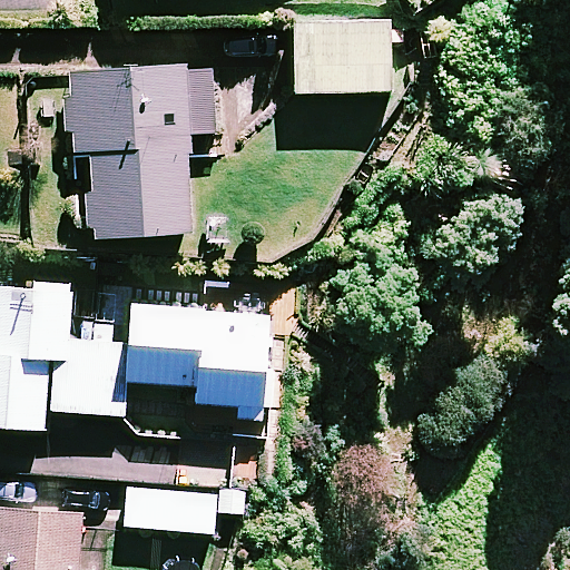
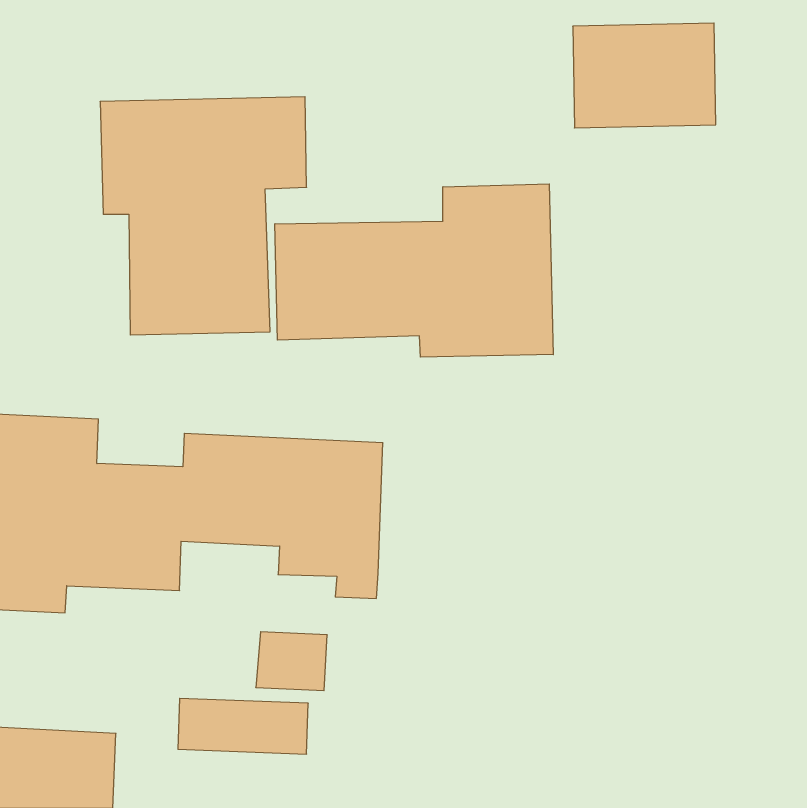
building: [289,19,390,92] -> [573,23,716,128]
building: none -> [275,184,553,357]

